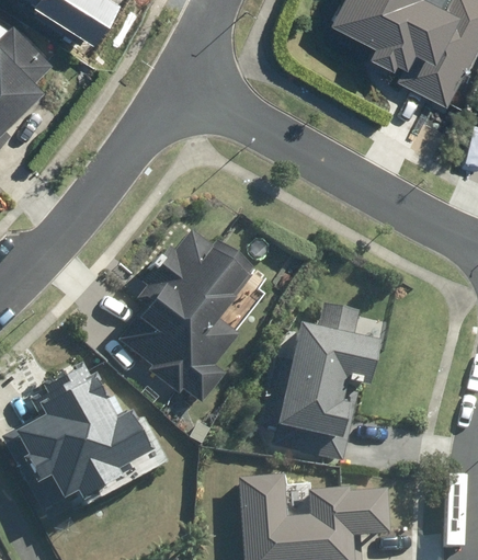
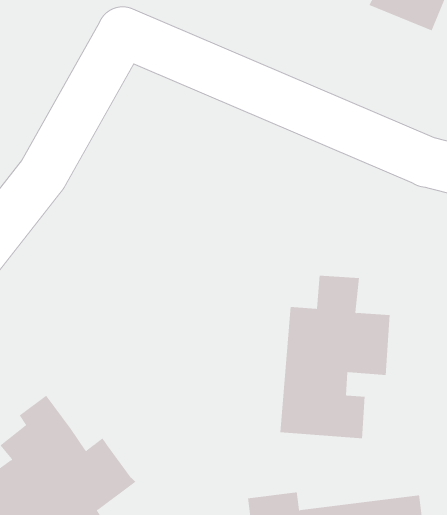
building: [136,236,260,402] -> none

